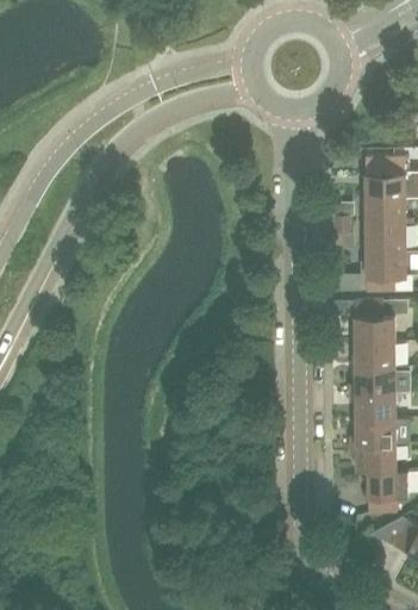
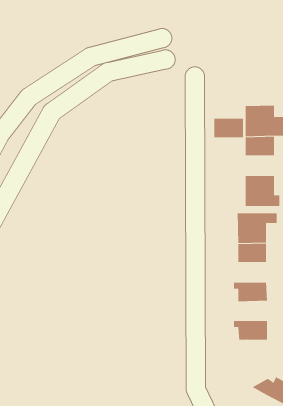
building: [364,223,405,249] -> [214,118,244,138]
building: [349,366,394,392] -> none
building: [349,417,395,443] -> none
building: [368,468,407,511] -> none

